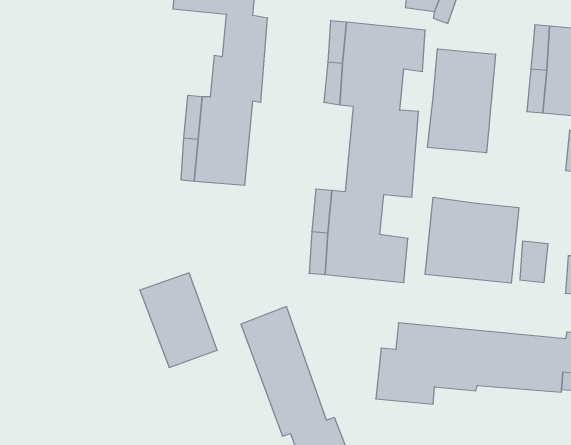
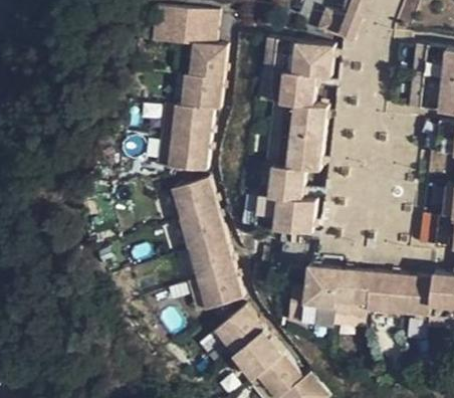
building: [427,49,495,153] -> none
building: [425,197,519,283] -> none
building: [140,273,217,368] -> [174,185,232,256]

